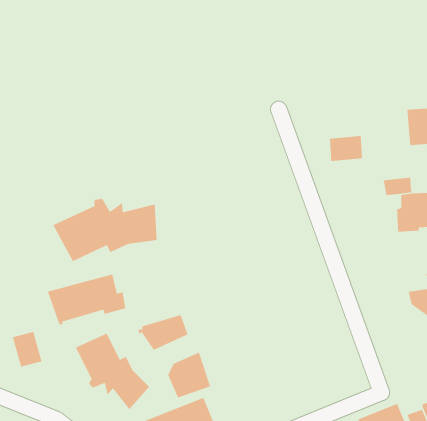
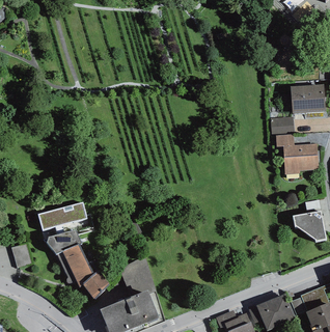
building: [329,135,363,162] -> [270,116,294,135]
building: [52,198,157,262] -> none
building: [137,314,189,351] -> [45,228,81,254]

